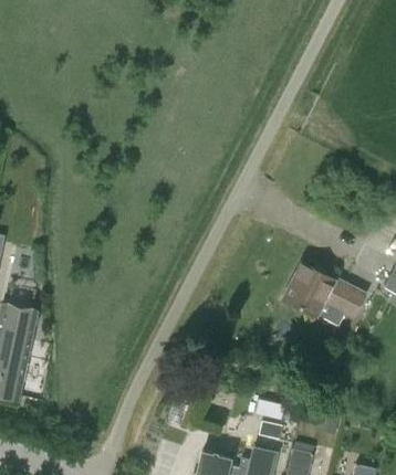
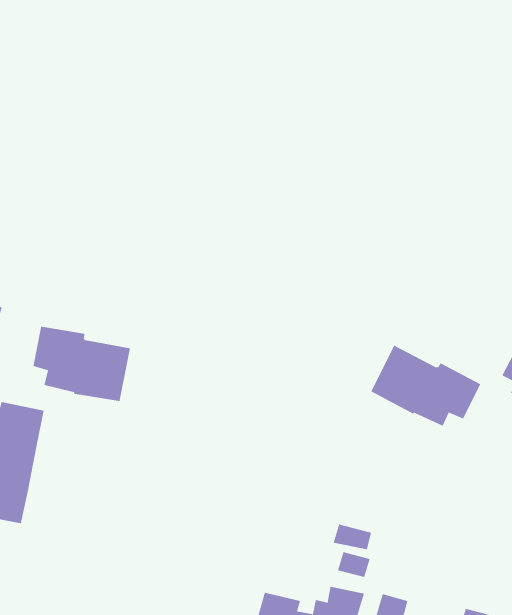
building: none -> [33,326,131,402]

